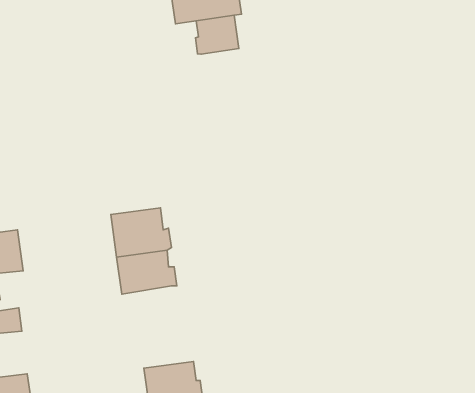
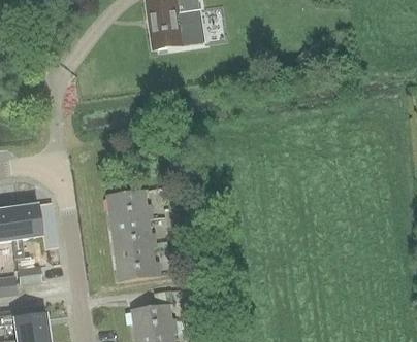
building: [195,15,239,54] -> none
building: none -> [116,247,160,281]

